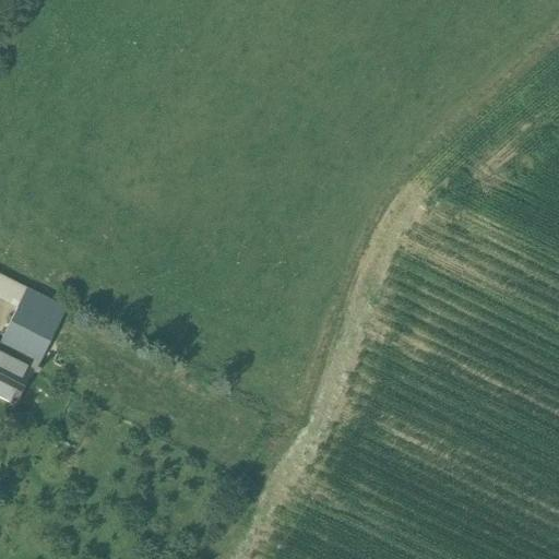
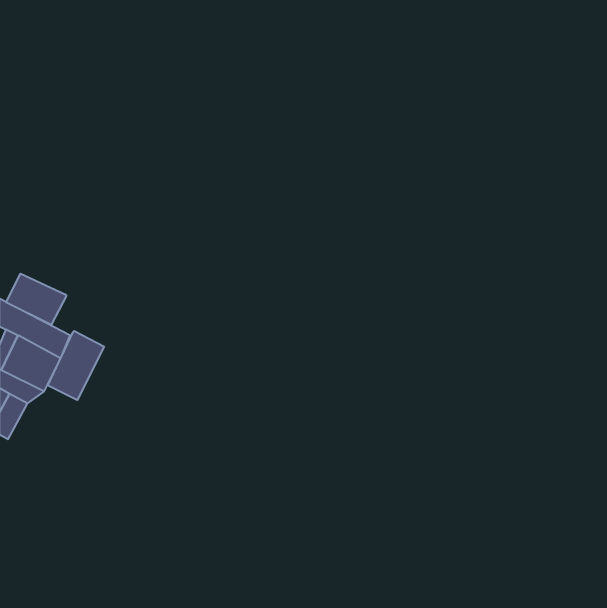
building: none -> [6,274,66,325]
building: none -> [48,331,104,400]

